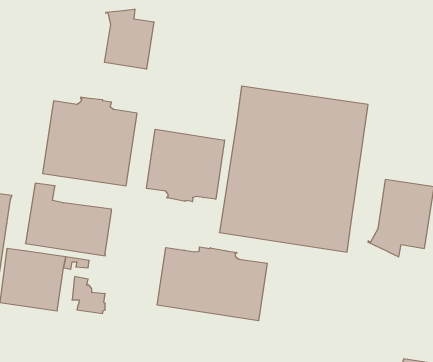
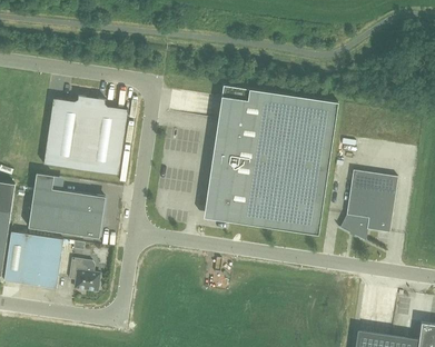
building: [105,9,154,69] -> none
building: [146,129,225,202] -> none
building: [157,247,267,321] -> none

